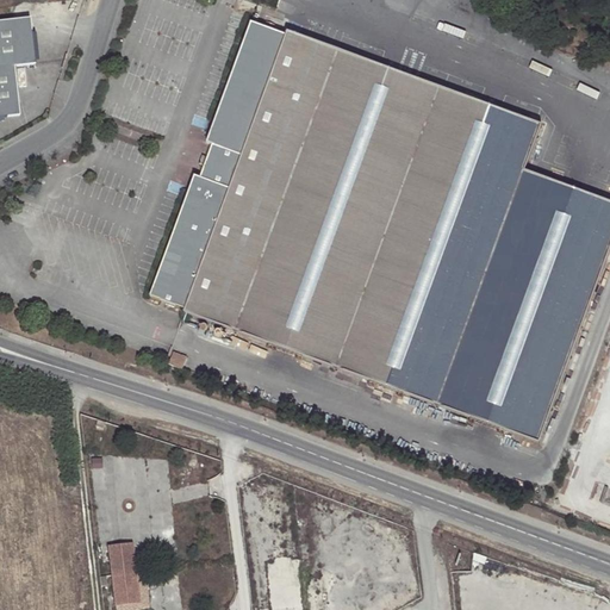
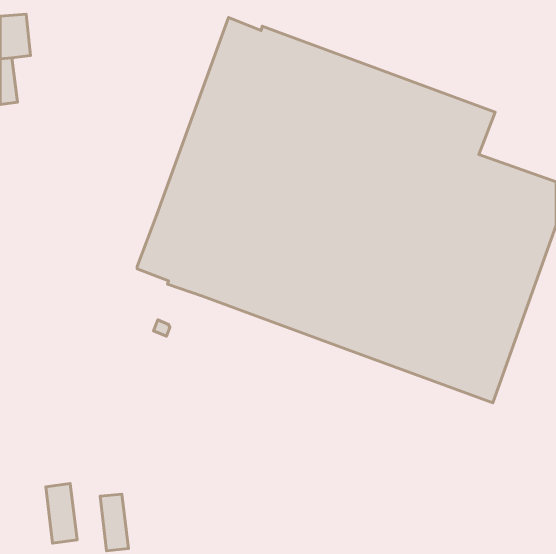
building: none -> [46,483,77,543]

